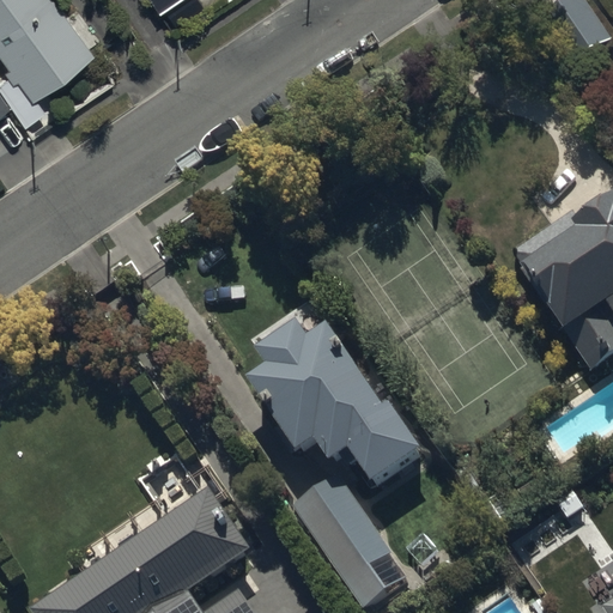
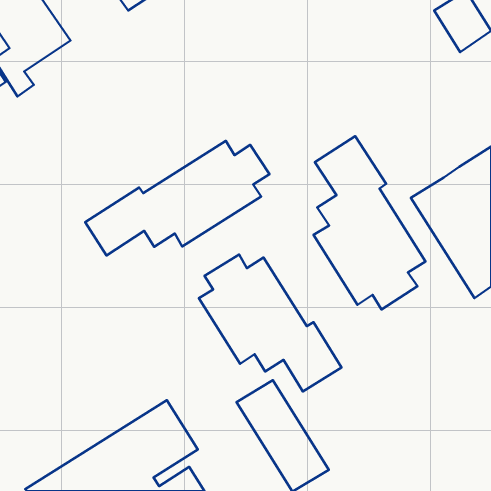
building: none -> [313,136,425,310]
building: none -> [85,141,270,255]

